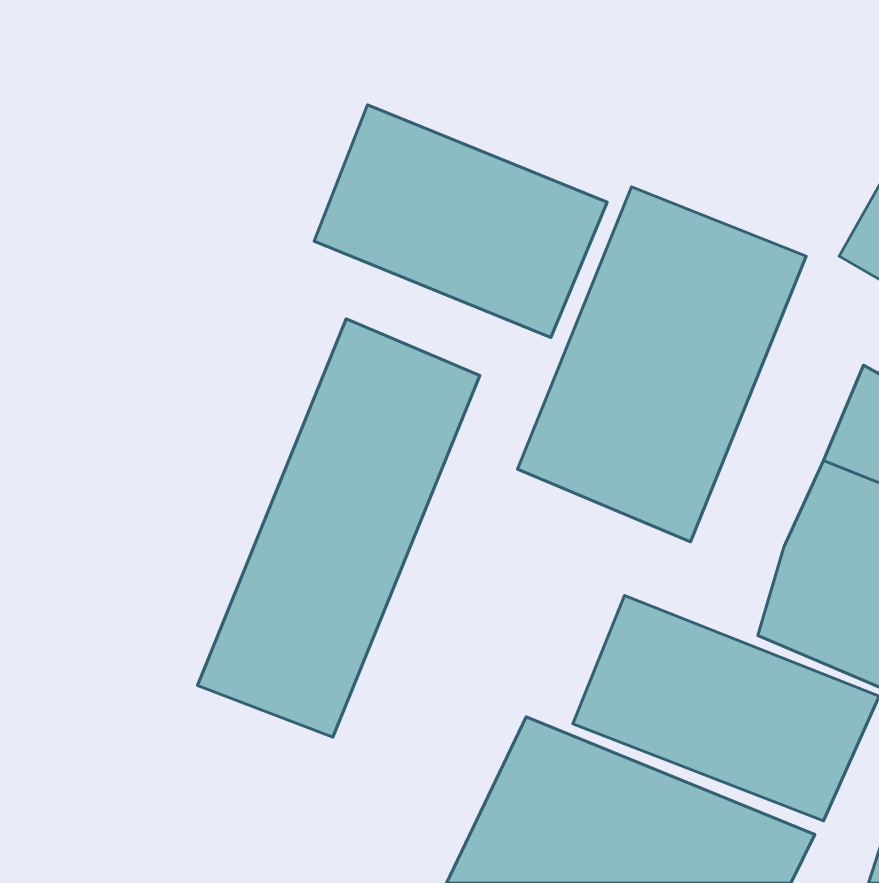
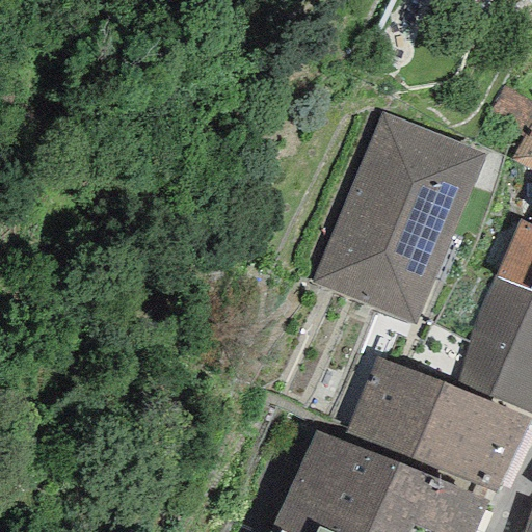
building: [314,105,607,337] -> none
building: [197,319,480,737] -> none

